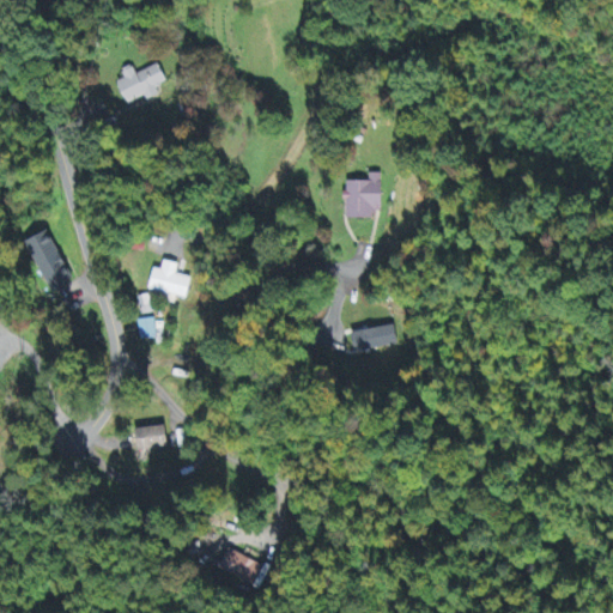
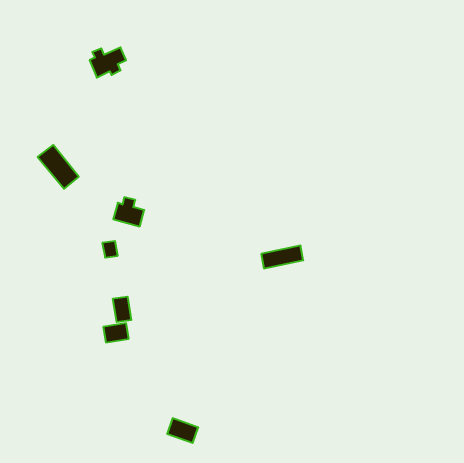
building: [339,169,375,217] -> none
building: [23,230,77,287] -> [38,145,79,189]
building: none -> [113,297,131,322]

